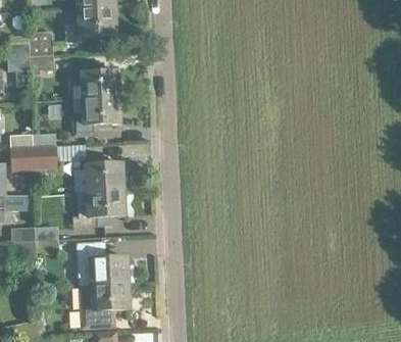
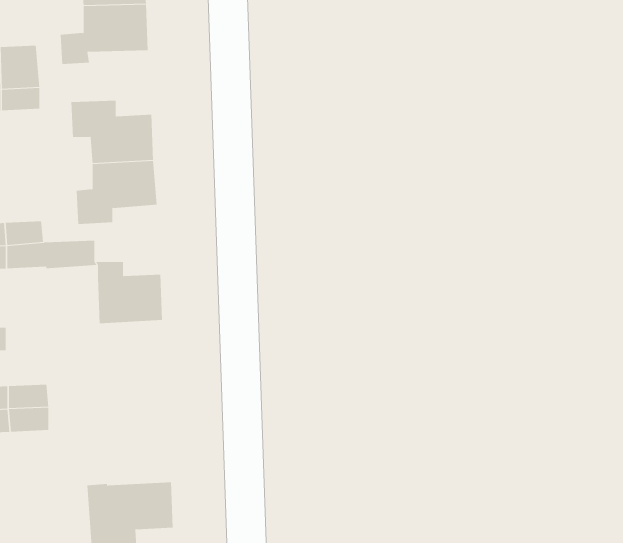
building: [77,189,124,226] -> none
building: [78,241,134,284] -> none

